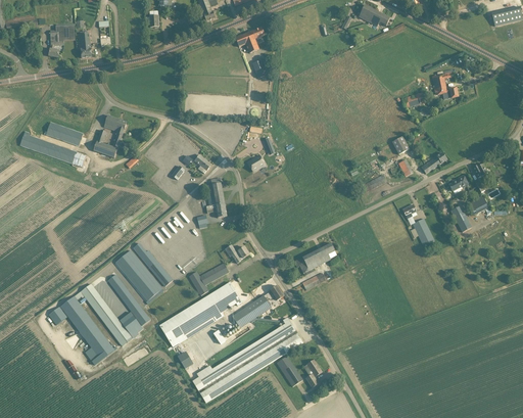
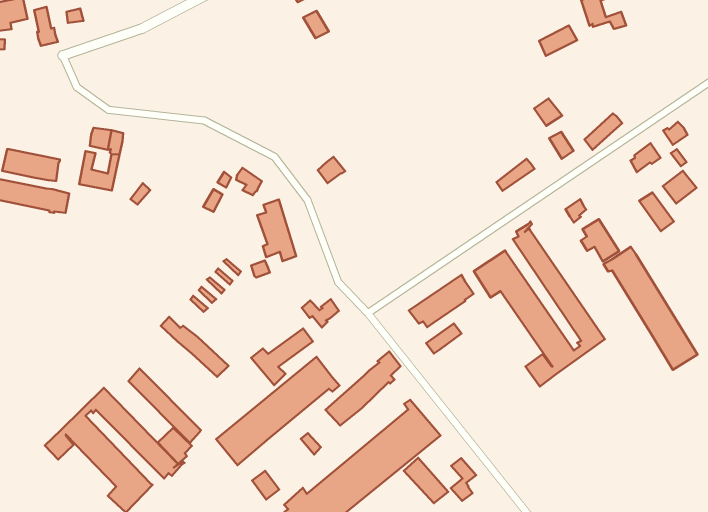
building: none -> [474,222,605,386]
building: none -> [604,247,698,370]
building: [115,250,163,305] -> none

